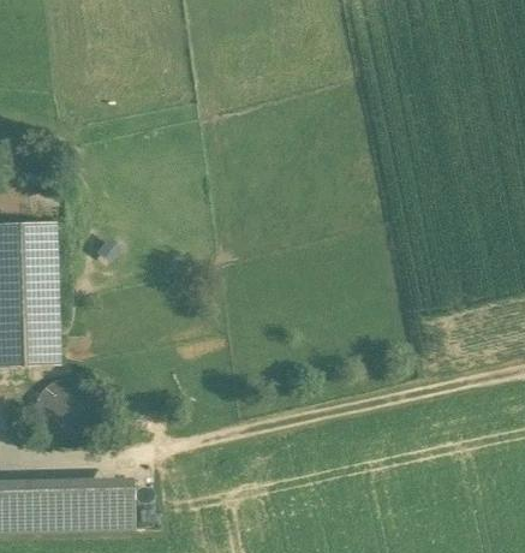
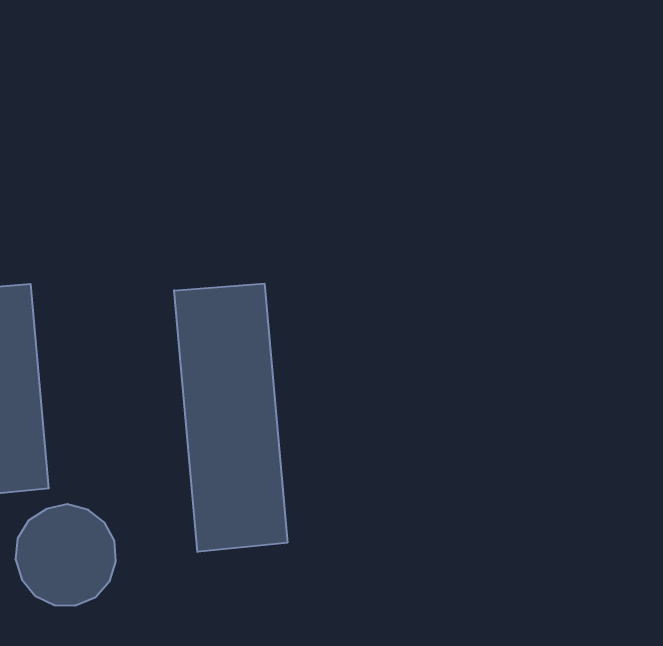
building: none -> [174,284,287,552]

